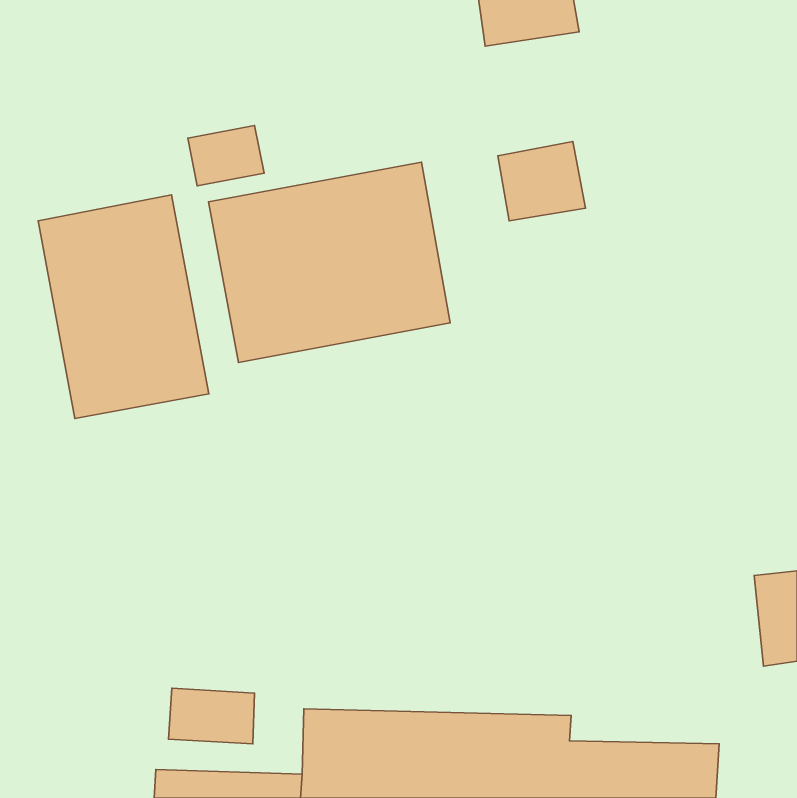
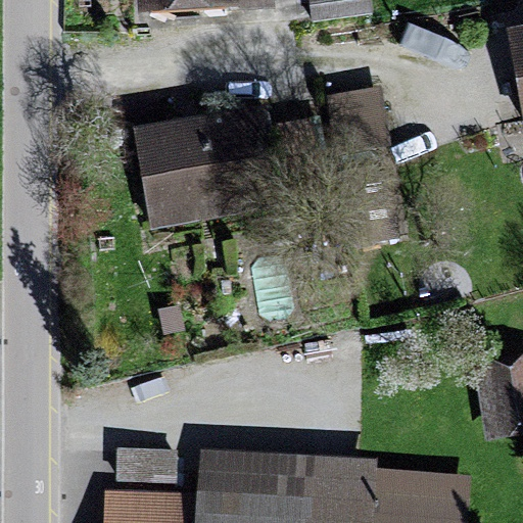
building: [38,195,209,419] -> none

